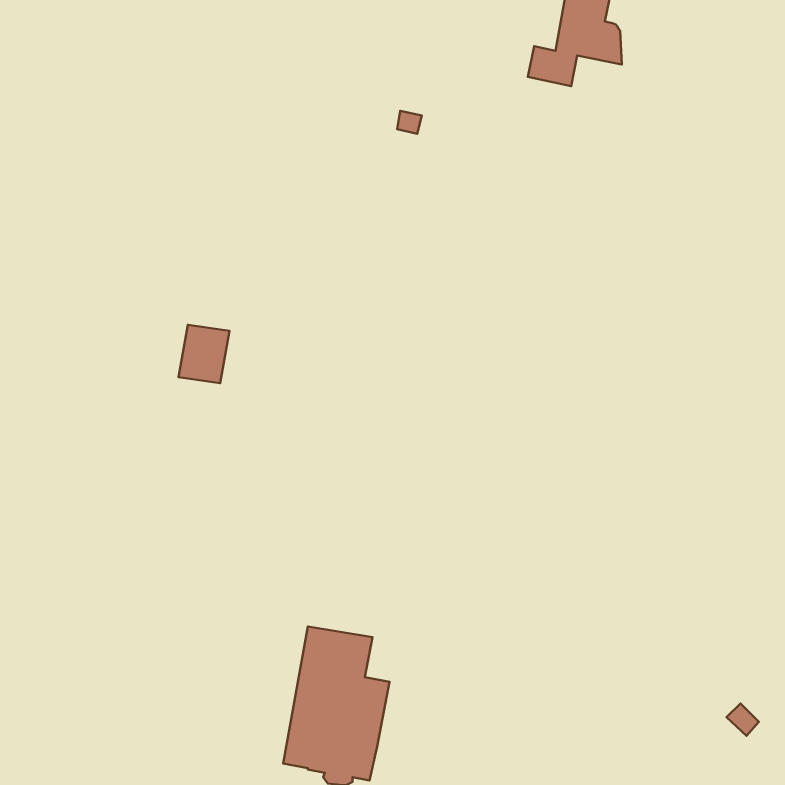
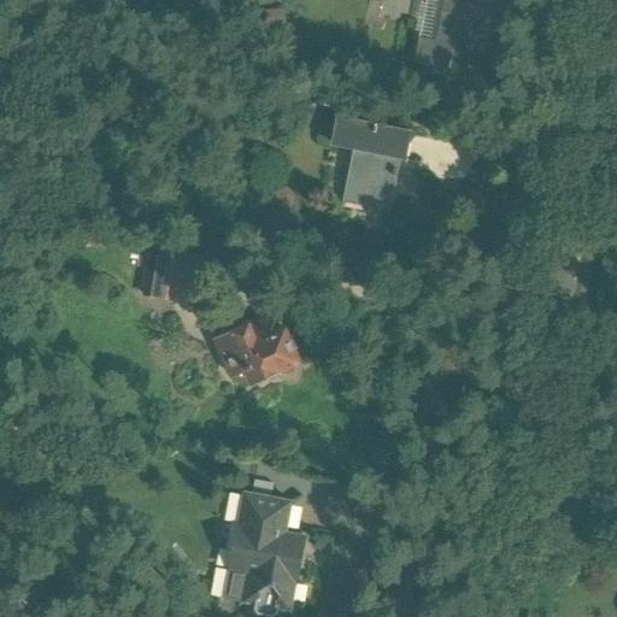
building: none -> [333,117,409,208]
building: none -> [216,313,298,382]

